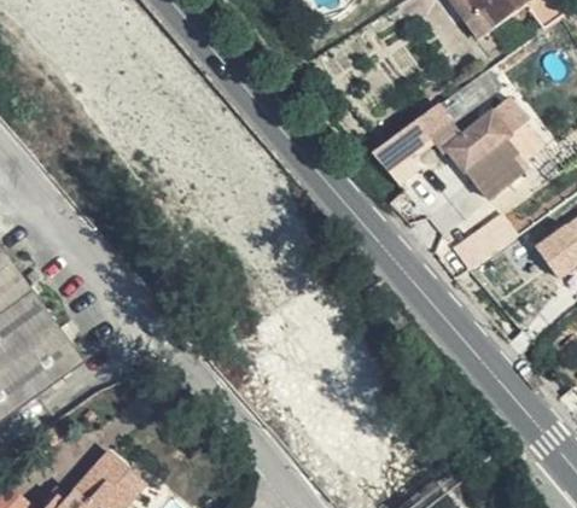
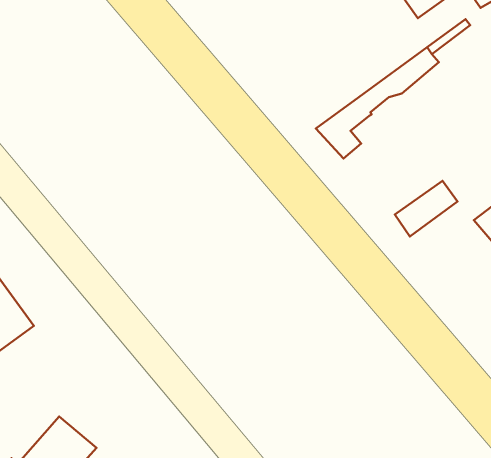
building: [429,98,528,200] -> none

